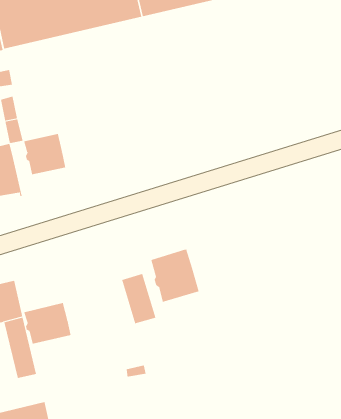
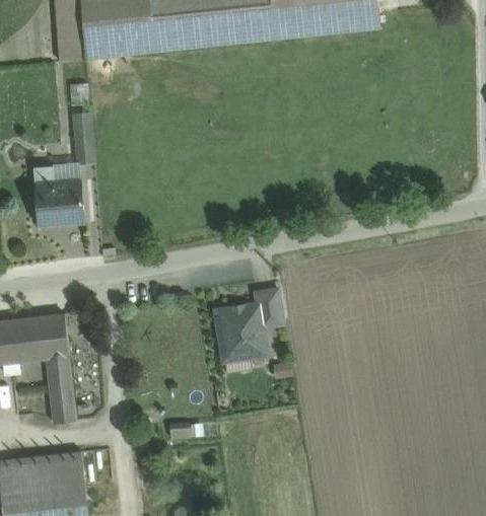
building: [24,133,66,175] -> none
building: none -> [255,289,282,326]
building: [121,273,156,324] -> none
building: [24,302,71,345] -> none

